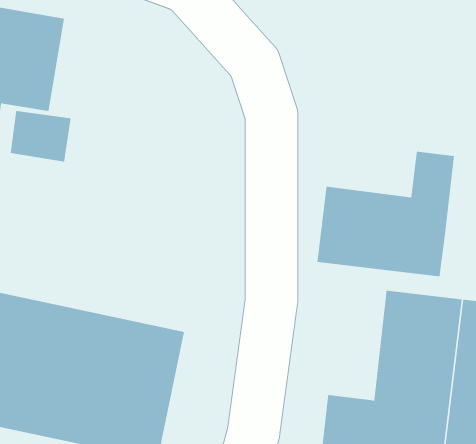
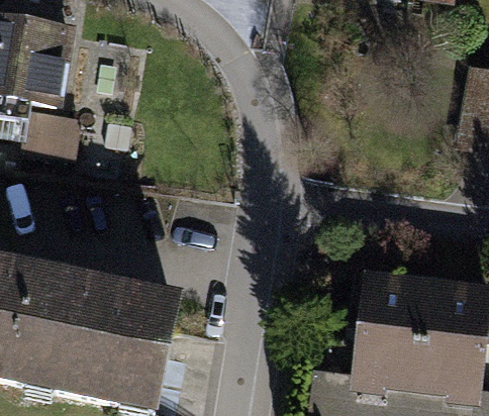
building: [317,151,454,277] -> none

